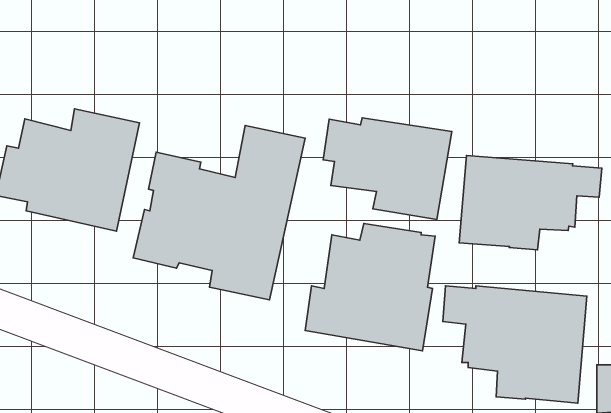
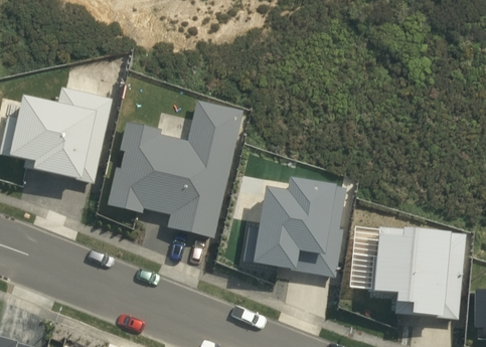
building: [323,118,452,219] -> none
building: [459,156,602,250] -> none

